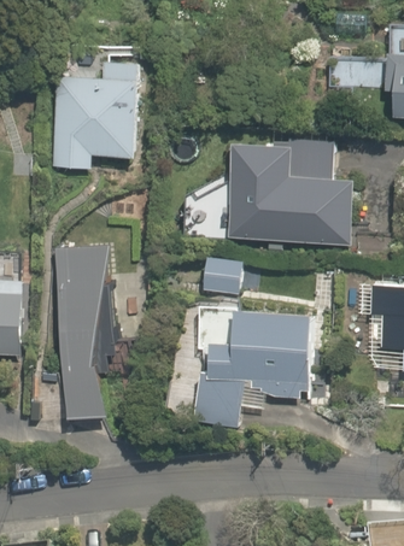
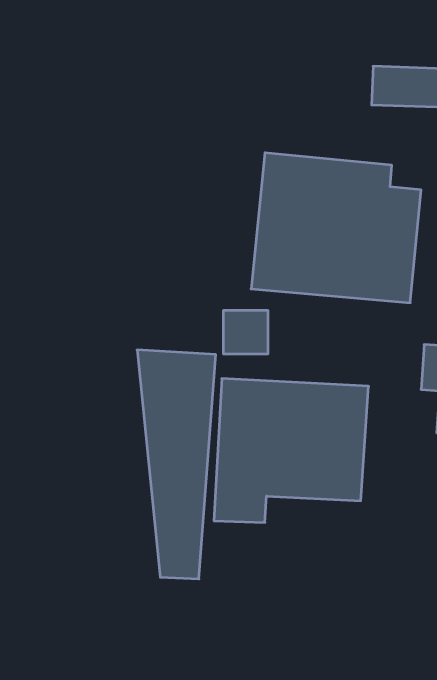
building: [46,78,148,175] -> none
building: [52,243,113,422] -> [137,350,216,579]

